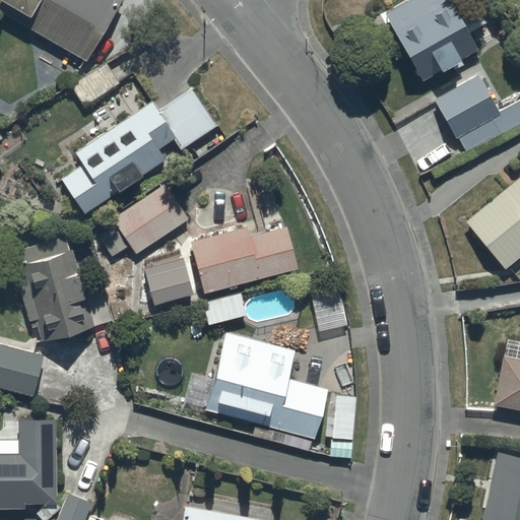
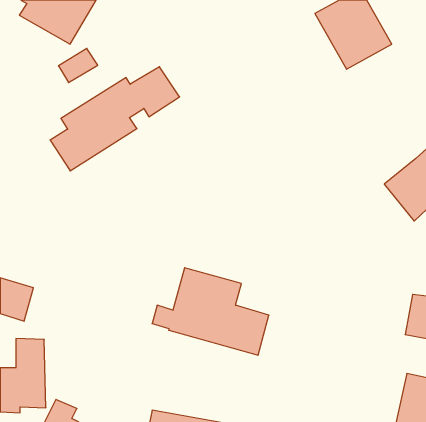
building: [435,81,499,144] -> none
building: [102,185,188,257] -> none
building: [192,225,298,289] -> none
building: [13,240,112,342] -> none
building: [145,260,195,305] -> none

